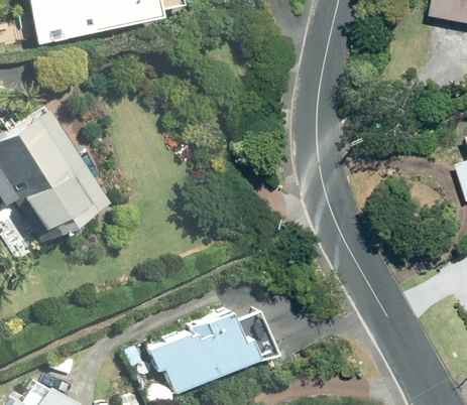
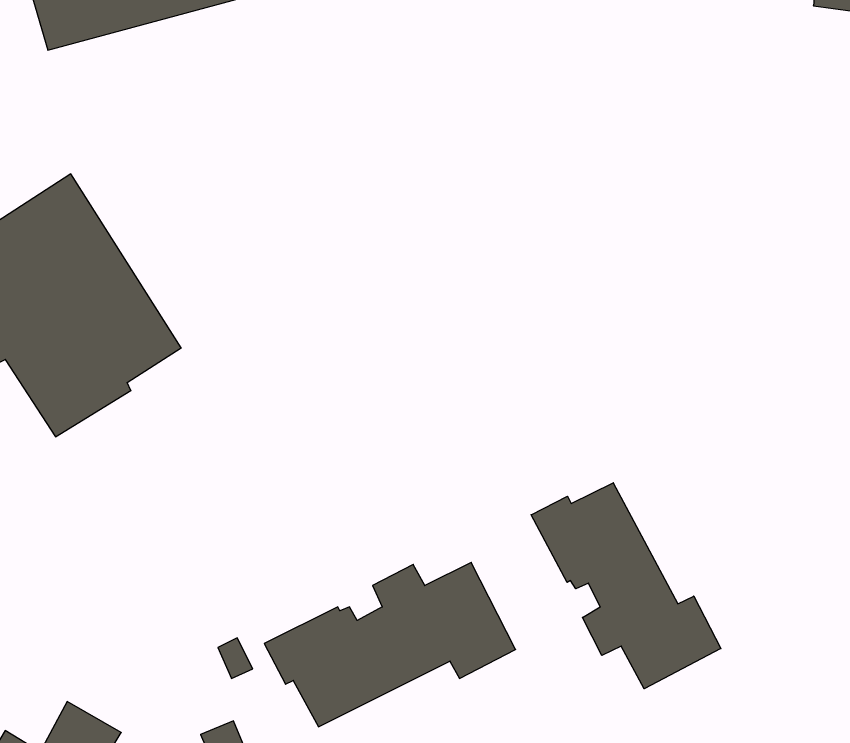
building: none -> [531,483,721,689]

